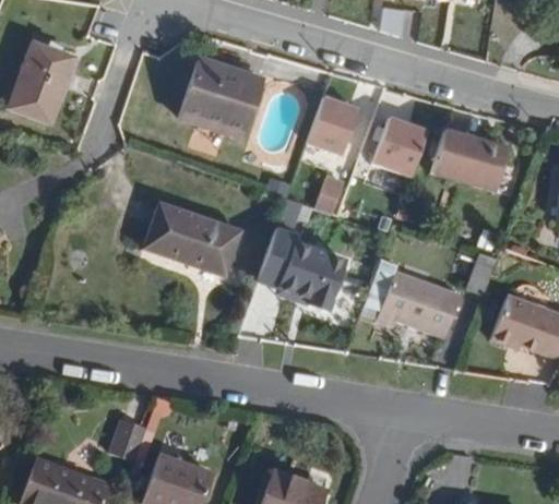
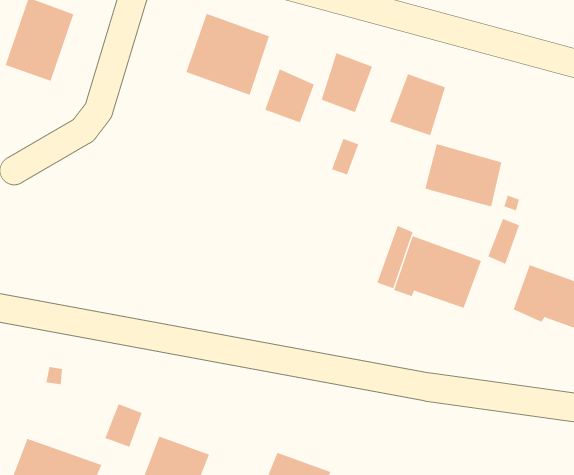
building: none -> [264,69,314,123]
building: [433,130,507,190] -> [425,144,502,207]
building: [143,202,239,272] -> none
building: [261,224,349,310] -> none

